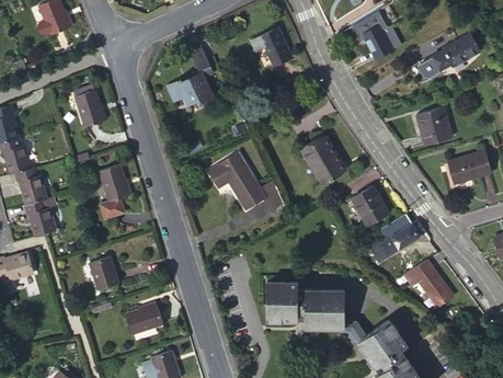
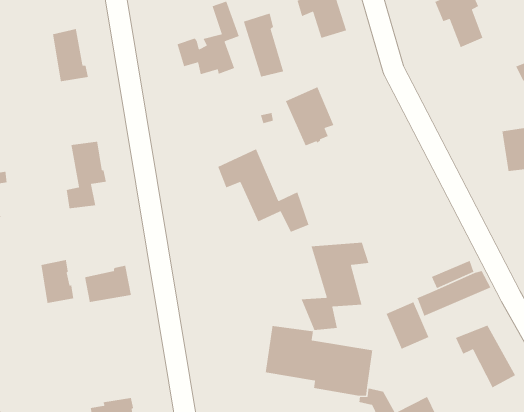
building: none -> [243,13,284,78]
building: [302,137,342,183] -> [285,86,335,146]
building: [352,187,387,225] -> [385,301,429,350]
building: none -> [301,242,370,331]
building: [125,301,162,333] -> [84,265,132,303]

